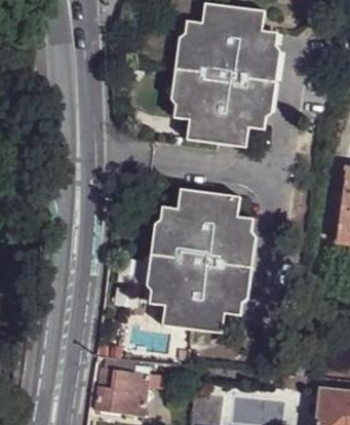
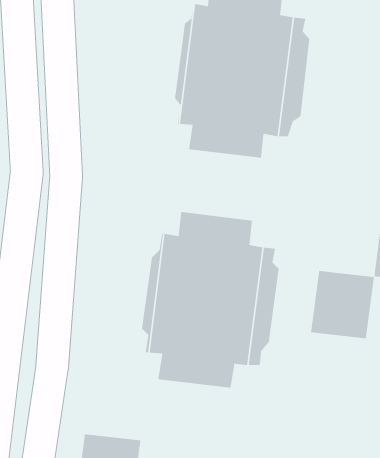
building: none -> [311,270,374,339]

